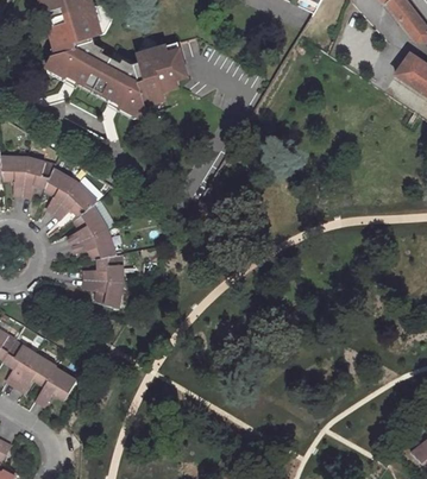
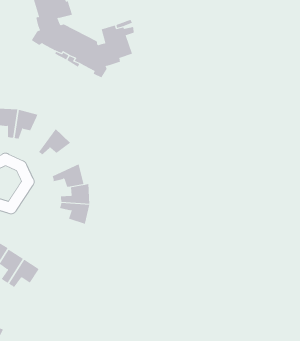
building: [44,168,77,213] -> none
building: [68,204,108,245] -> none
building: [36,367,76,404] -> none

